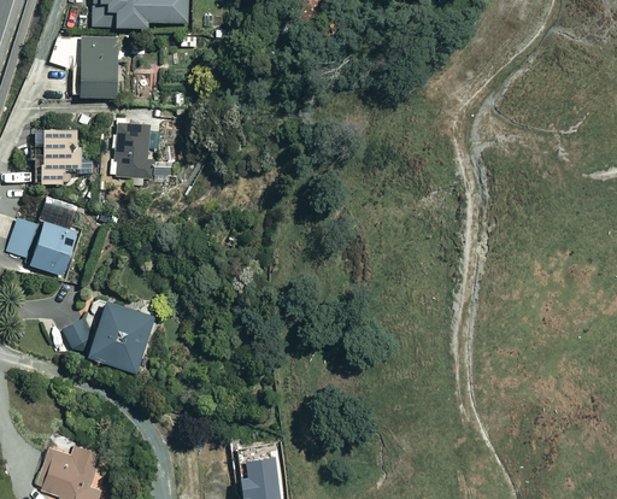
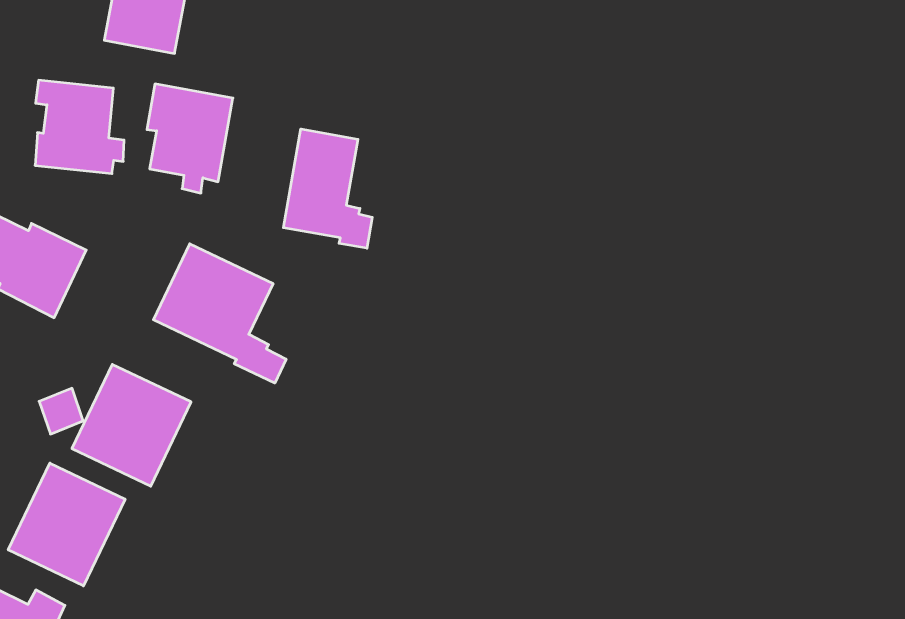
building: none -> [283,129,372,248]
building: none -> [153,244,286,383]
building: none -> [8,463,125,586]

